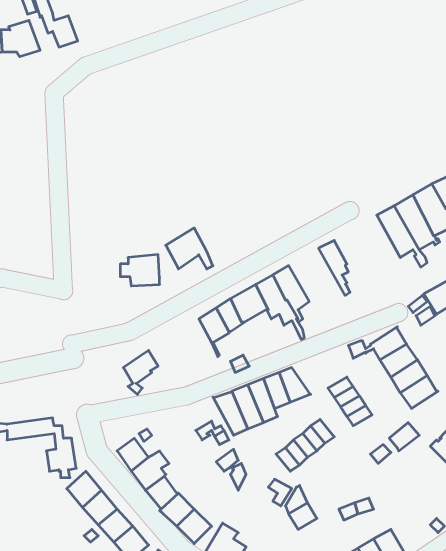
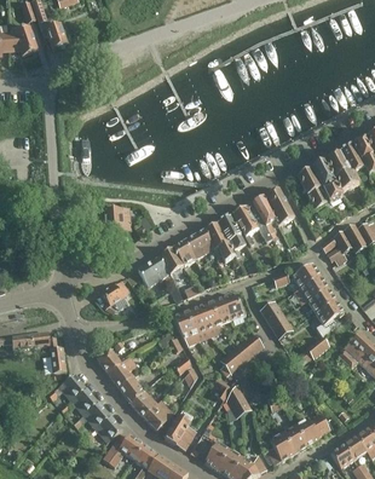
building: [166,228,213,269] -> [138,256,174,288]
building: none -> [264,187,294,225]
building: none -> [231,202,276,246]

